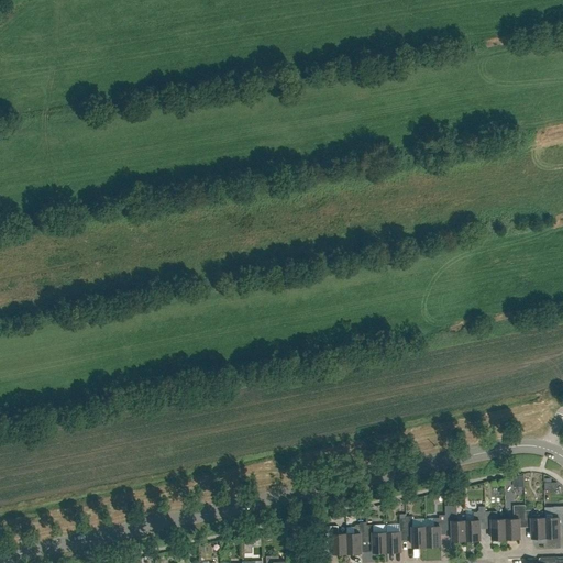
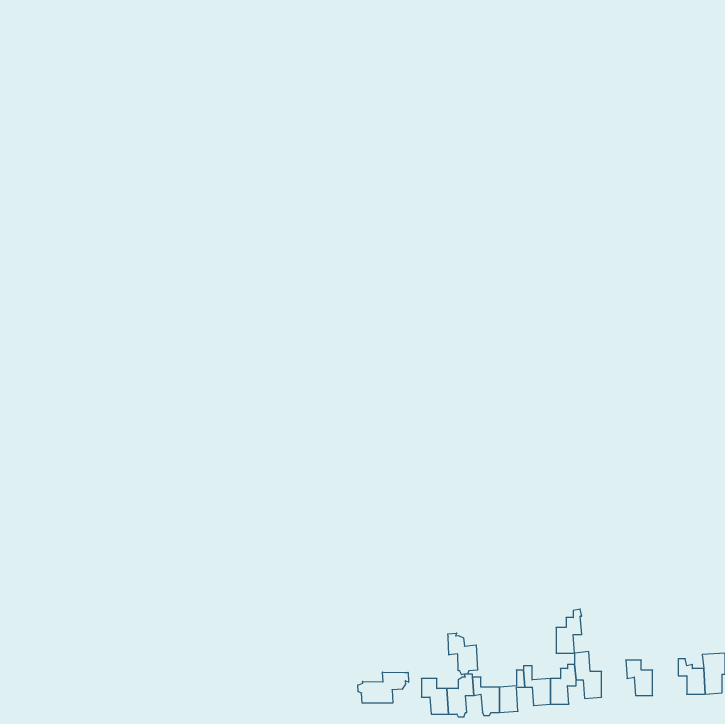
building: none -> [448,633,478,675]
building: [506,506,526,540] -> none
building: [466,507,486,541] -> [556,609,582,653]
building: none -> [358,672,409,703]

